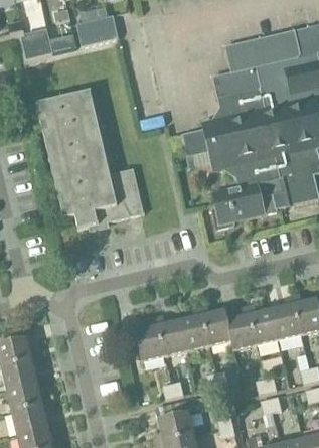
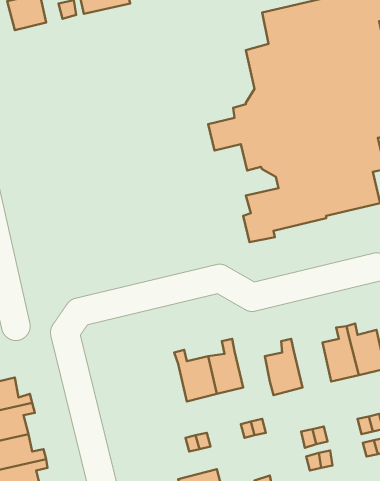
building: [34,90,144,228] -> none
building: [200,304,230,345] -> none
building: [248,304,280,345] -> none
building: [134,317,164,361] -> none

